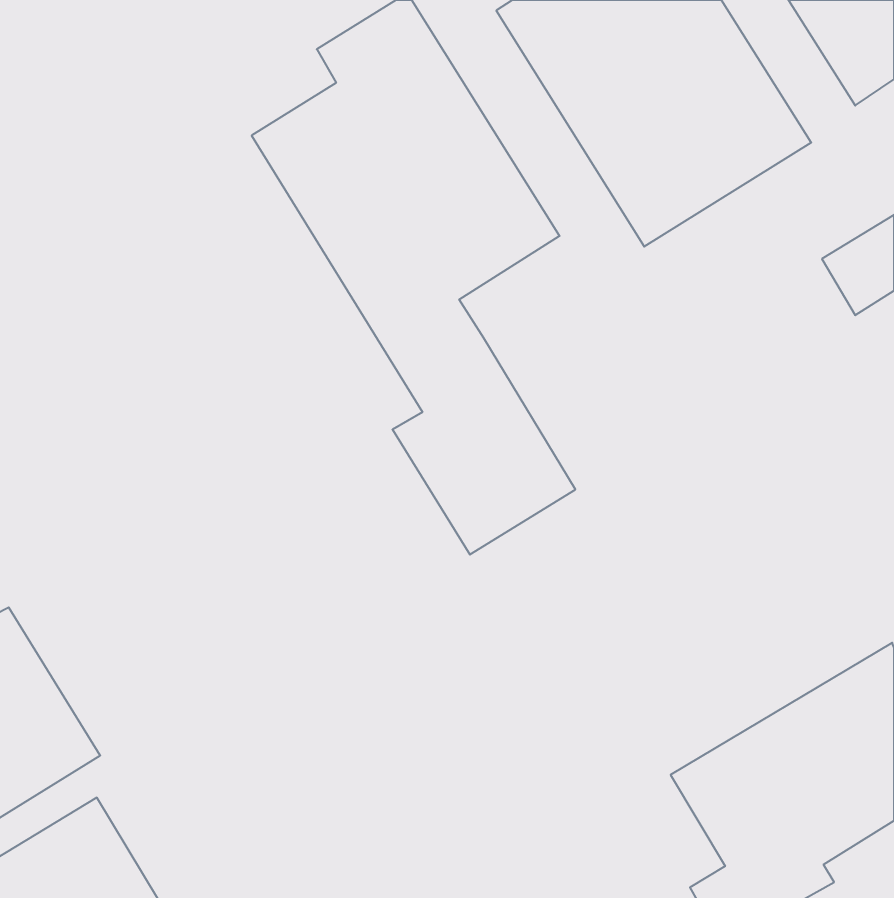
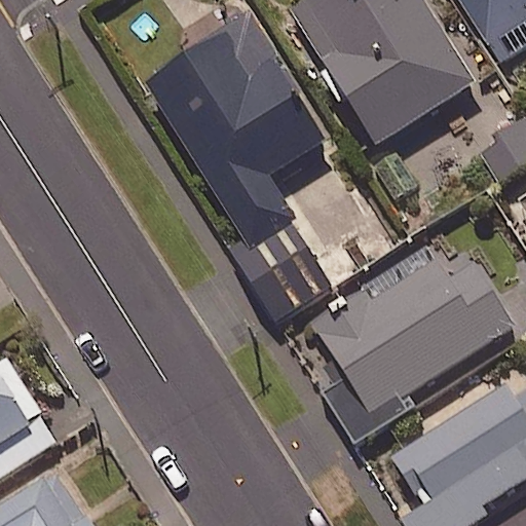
building: none -> [313,246,514,444]

